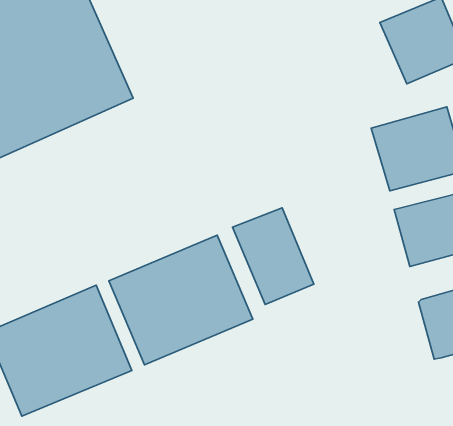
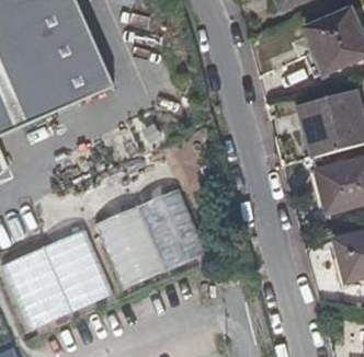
building: [232,208,314,305] -> none

